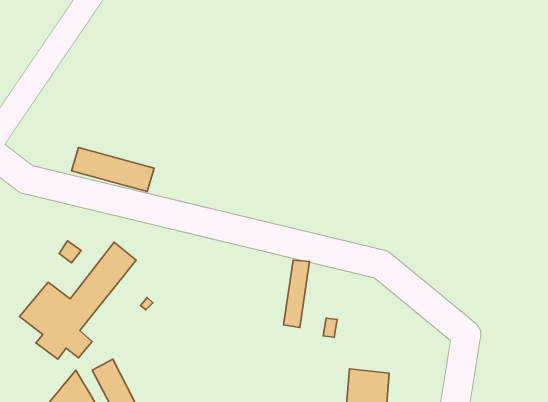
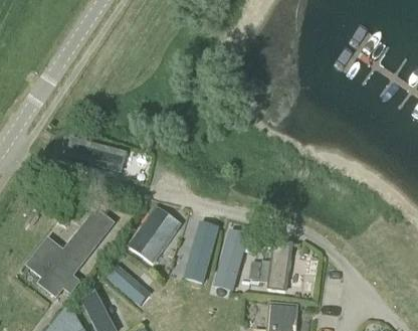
building: none -> [128,211,176,262]
building: none -> [187,220,216,279]
building: none -> [266,238,293,291]
building: none -> [111,263,150,298]

